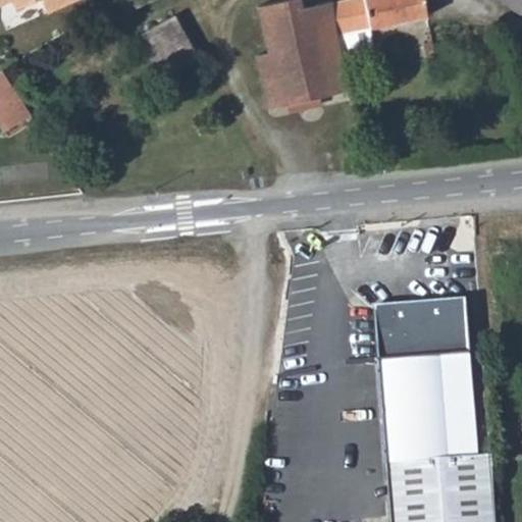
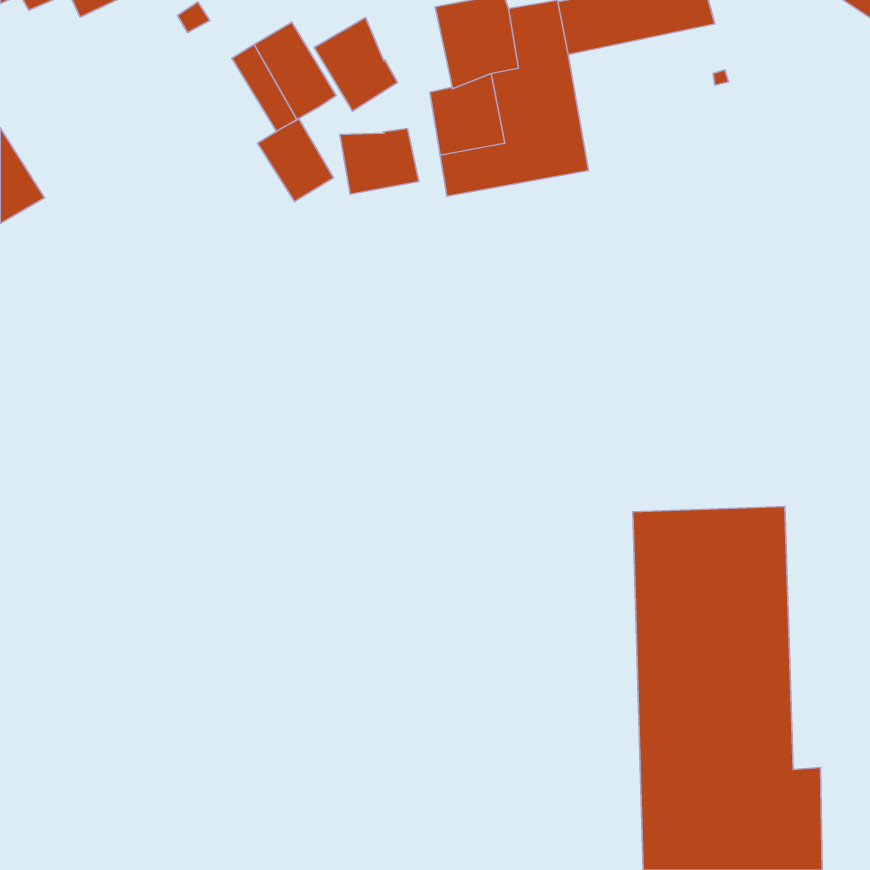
building: none -> [314,17,398,111]
building: none -> [257,119,334,202]
building: none -> [340,128,419,194]

